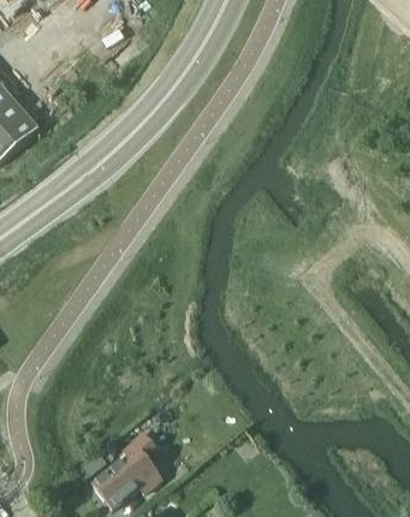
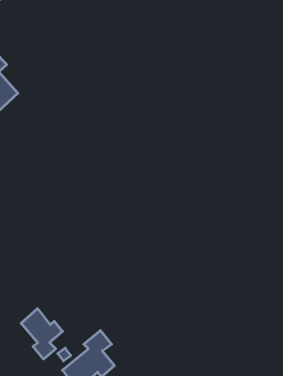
building: none -> [21,309,63,359]

